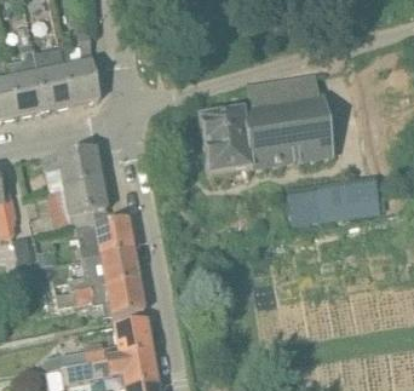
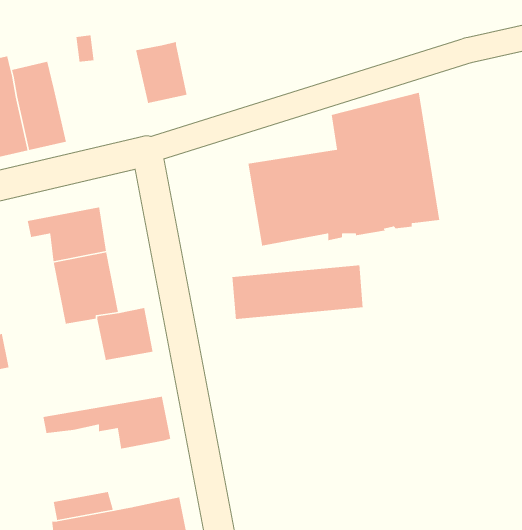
building: [64,59,100,103] -> [135,41,187,104]
building: [293,182,385,220] -> [232,264,364,320]
building: [53,249,139,294] -> none
building: [113,320,151,357] -> none

